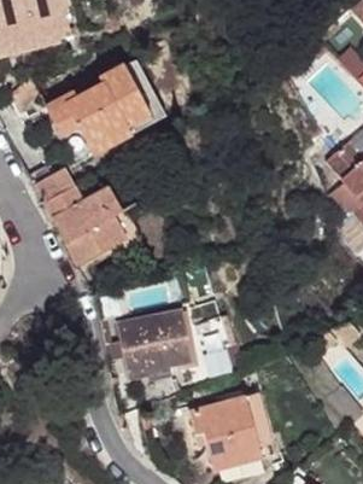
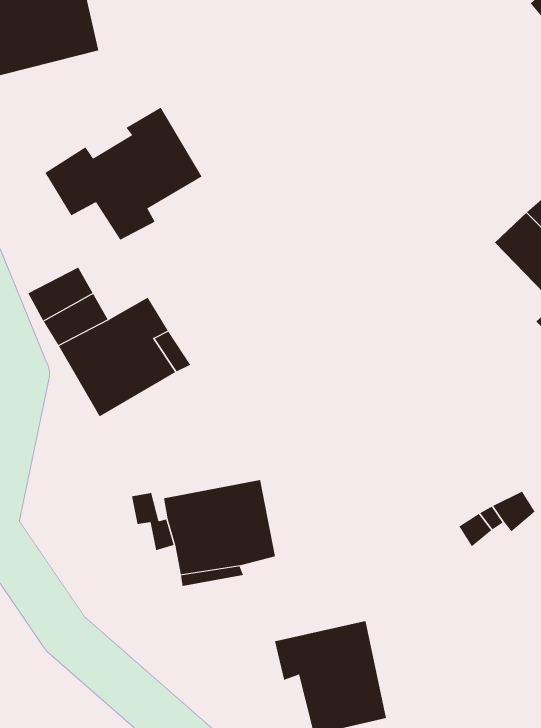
building: [109,64,162,146] -> none

